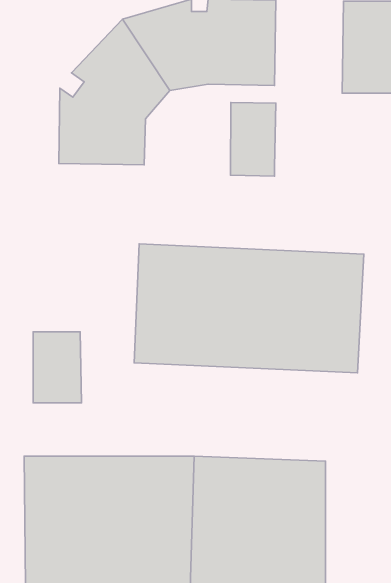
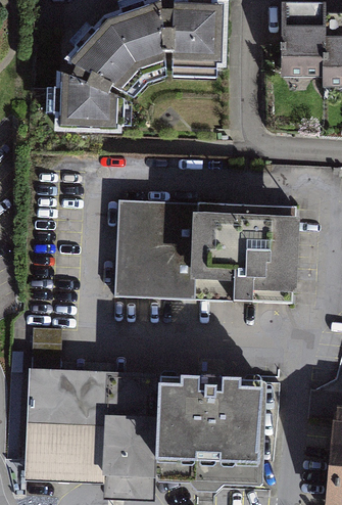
building: [231,103,276,176] -> none
building: [33,332,81,403] -> none

